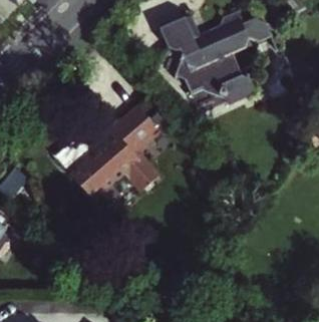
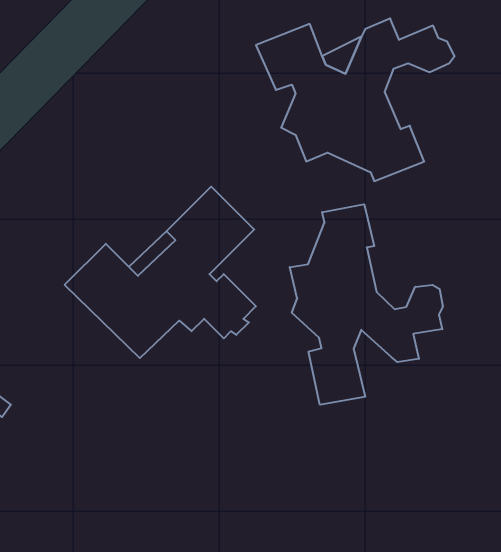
building: none -> [290,204,443,405]

